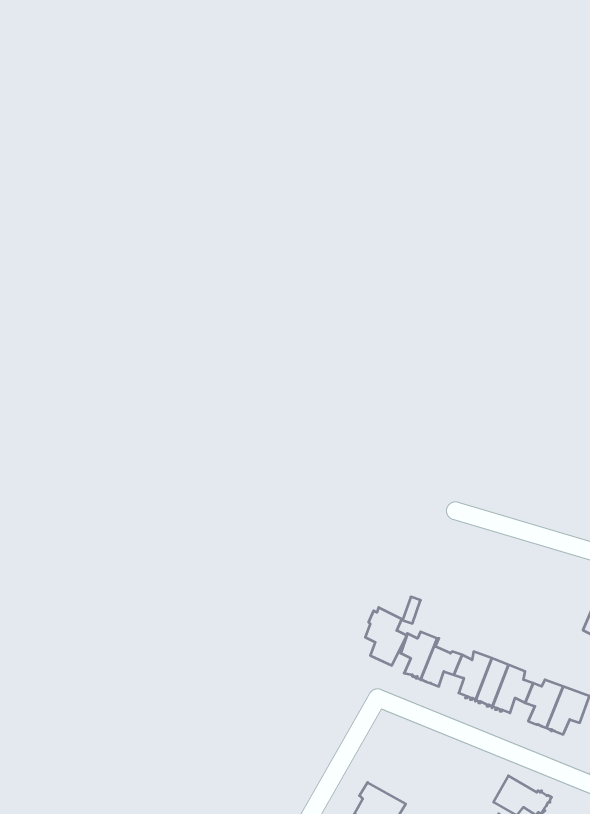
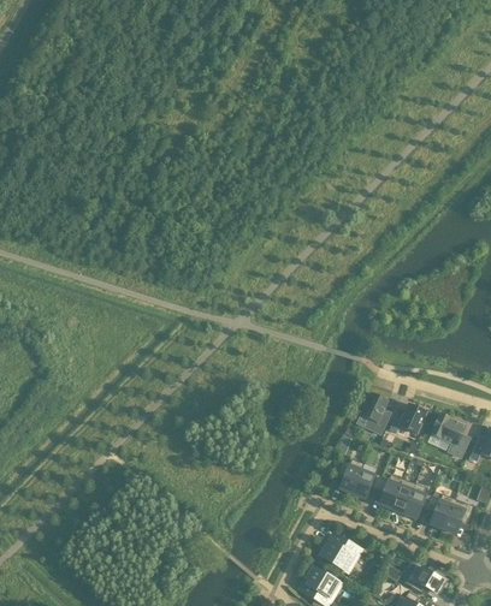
building: none -> [389,404,426,434]
building: none -> [431,414,469,458]
building: [365,607,407,665] -> [361,393,391,435]
building: none -> [320,536,361,572]

